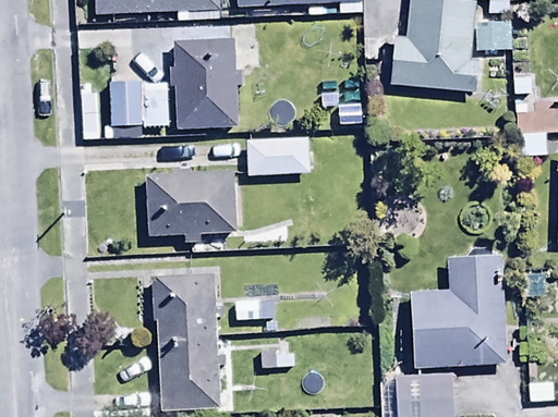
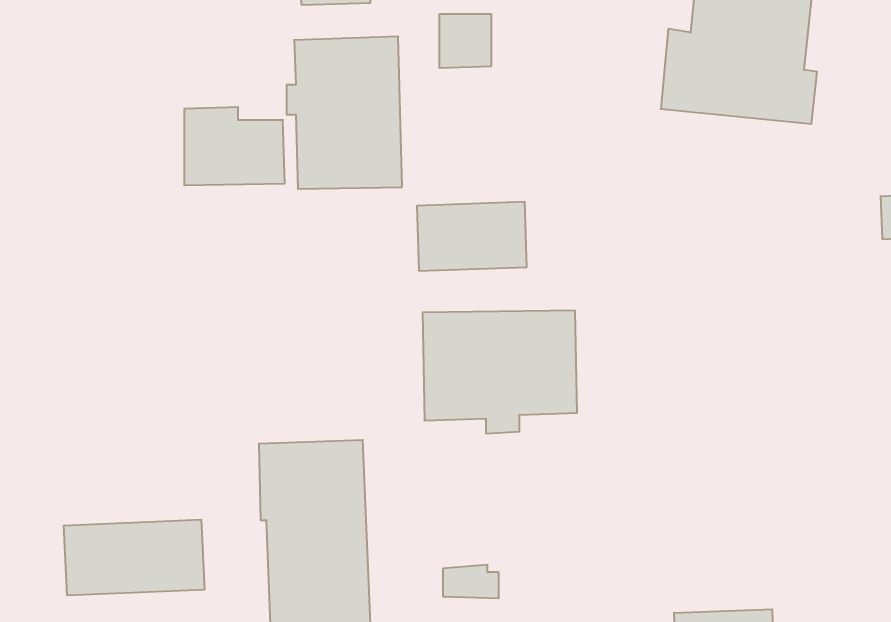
building: [145,171,235,243] -> [423,311,577,433]
building: [411,254,507,368] -> none
building: none -> [64,520,204,595]

